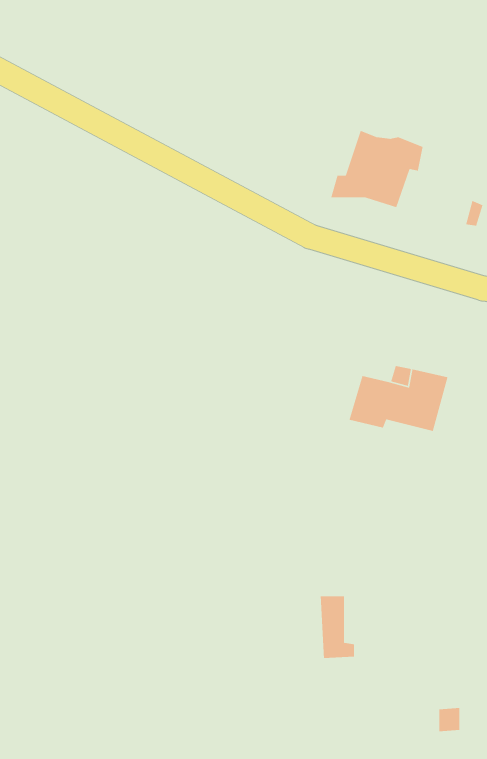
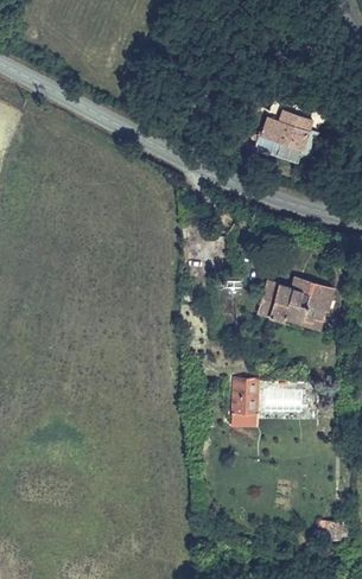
building: [320,595,355,659] -> [236,383,261,428]

